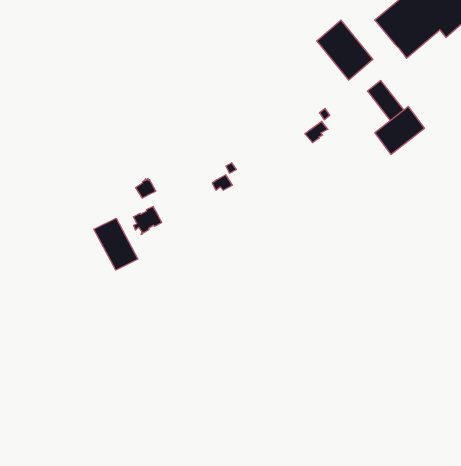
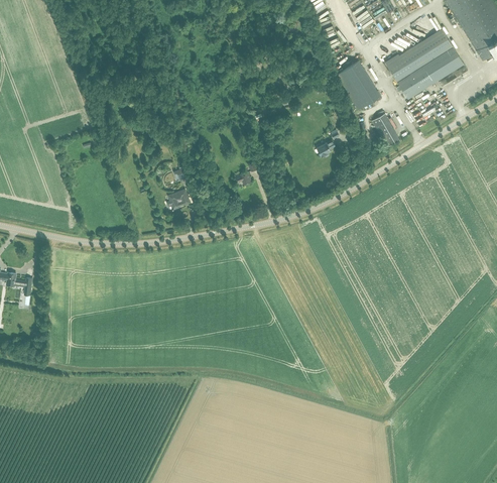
building: [375,106,424,154] -> none
building: [94,218,138,270] -> none

